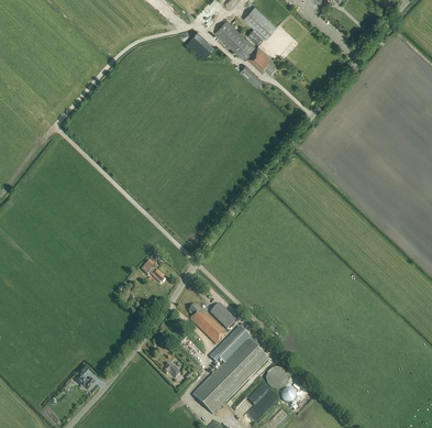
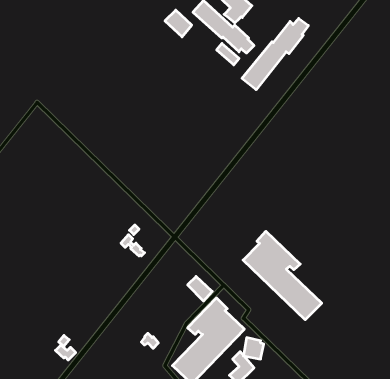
building: none -> [242,18,308,90]
building: none -> [243,231,322,320]
building: [188,305,225,343] -> none

